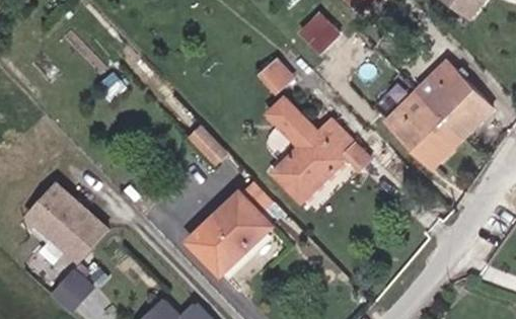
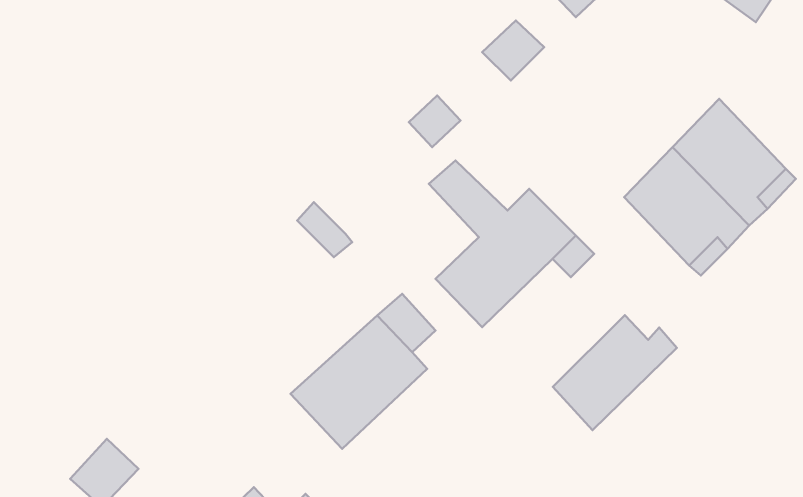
building: [26,182,107,261] -> none
building: none -> [553,315,677,430]

